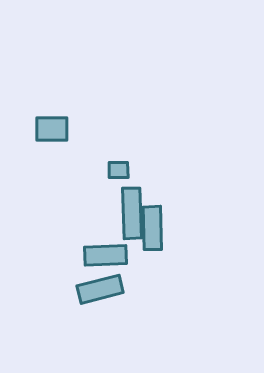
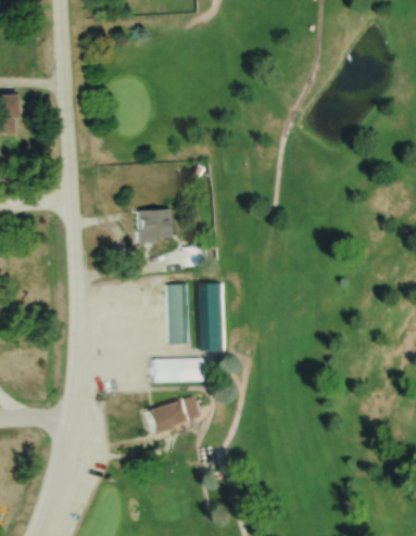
building: [37,118,67,140] -> [134,212,173,241]
building: [143,206,161,249] -> [164,284,188,341]

